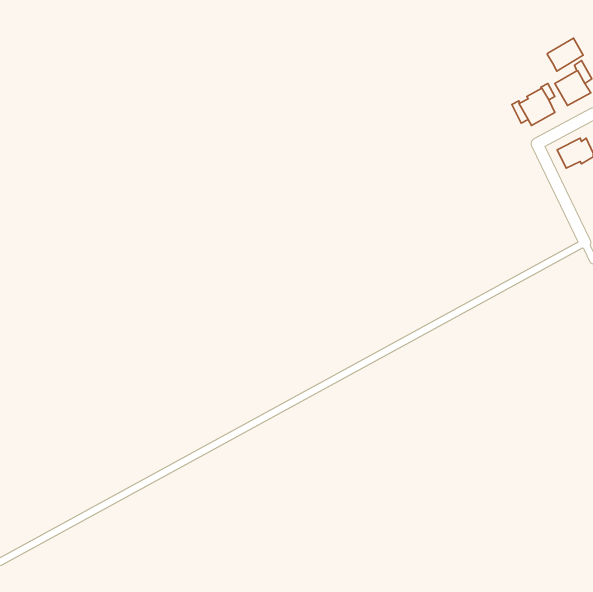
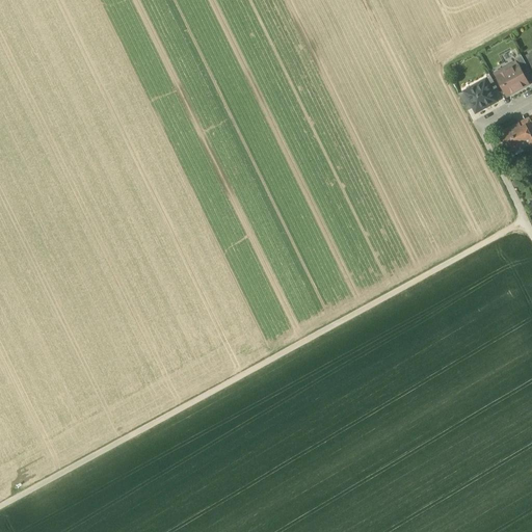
building: [547,38,583,71] -> none

